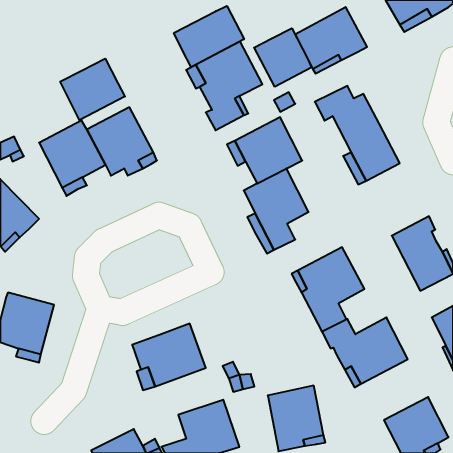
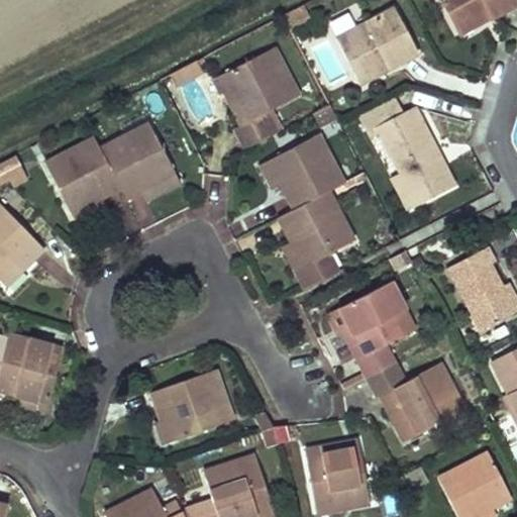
building: [174,6,244,67] -> none
building: [254,28,312,87] -> none
building: [60,59,125,120] -> none

